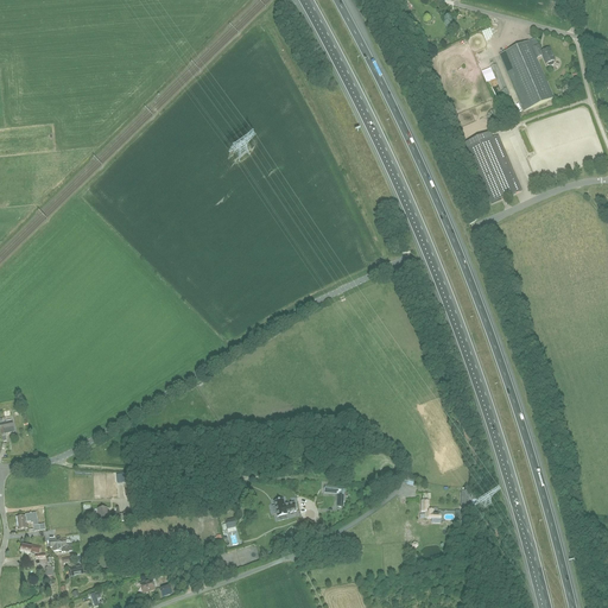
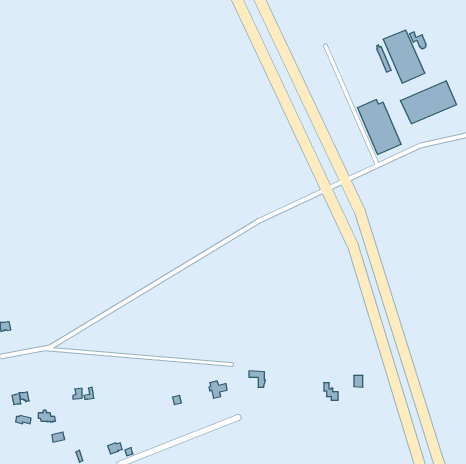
building: none -> [400,81,456,124]

